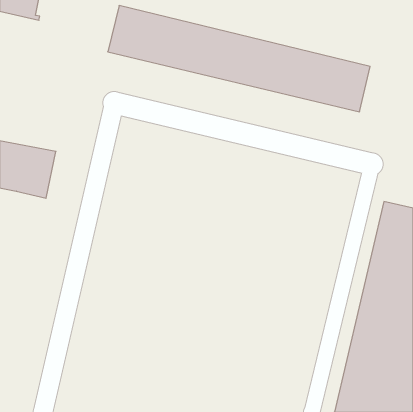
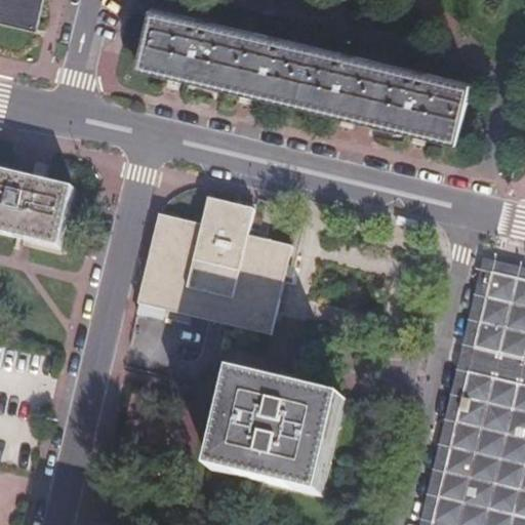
building: none -> [134,195,291,334]
building: none -> [210,373,346,498]

